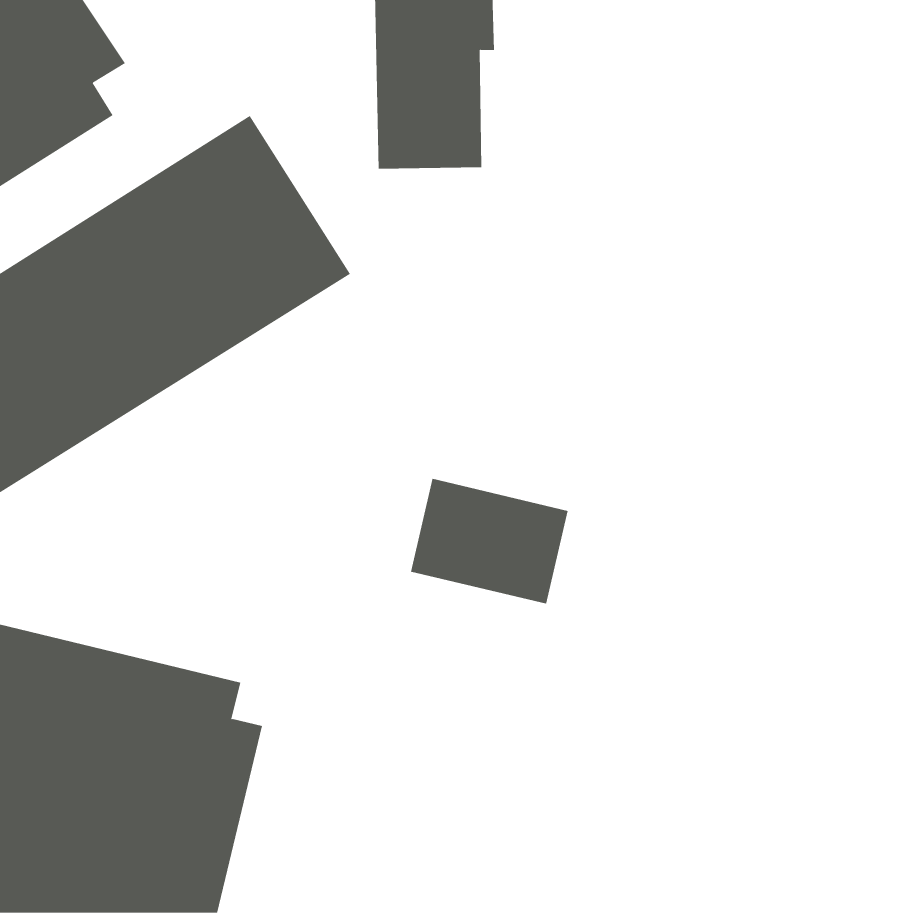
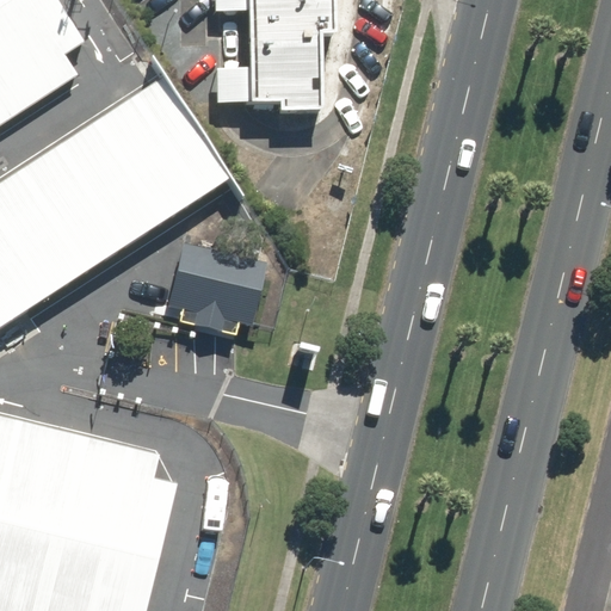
building: [410,478,569,604] -> [161,240,266,323]

